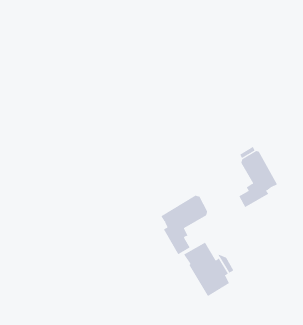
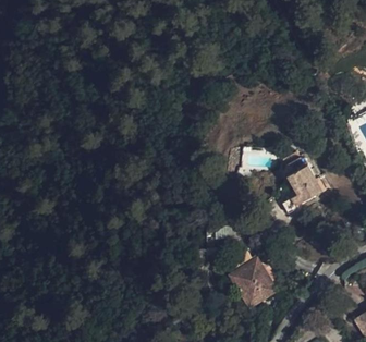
building: [160,195,208,255] -> none

